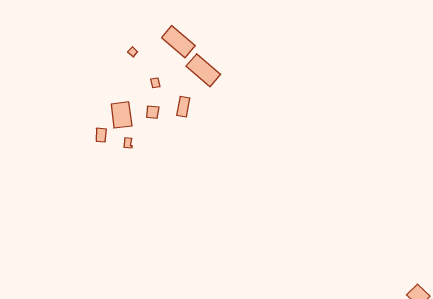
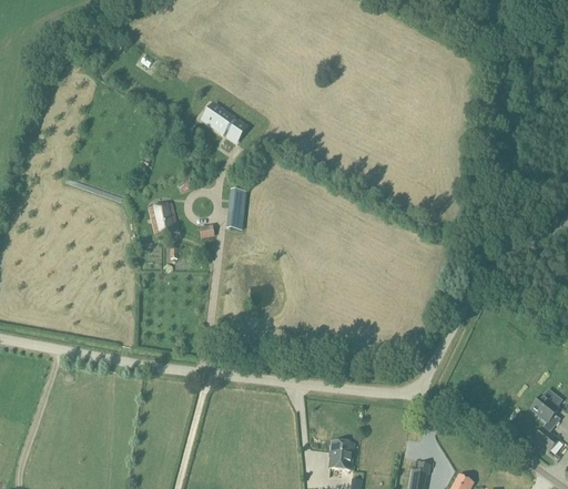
building: [186,54,221,87] -> none

